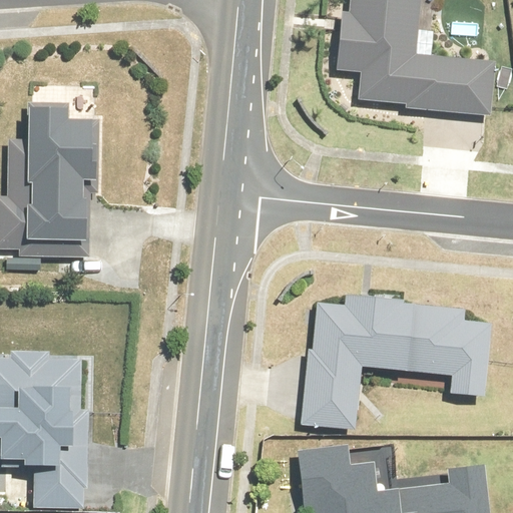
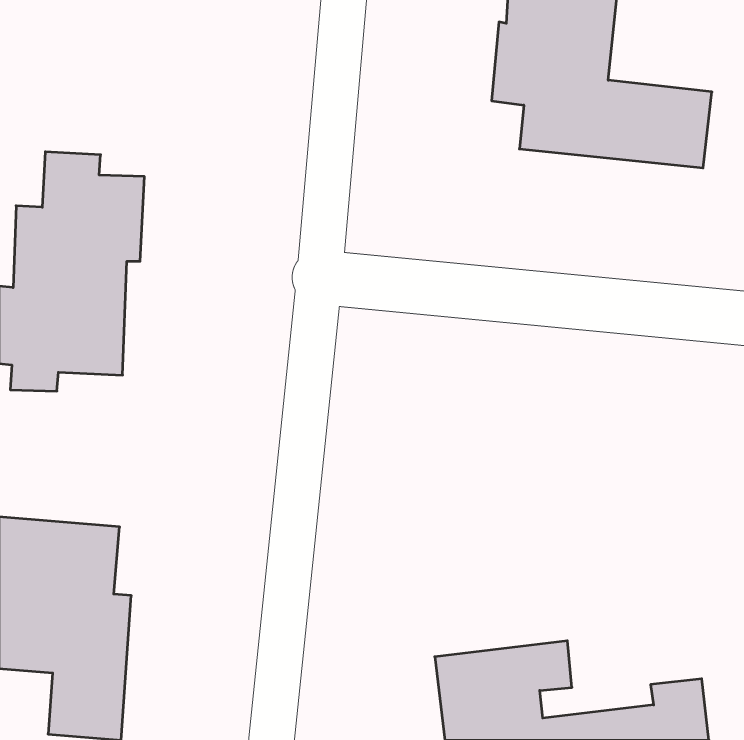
building: [304,293,493,428] -> none

